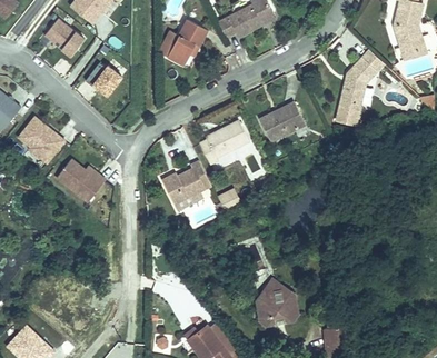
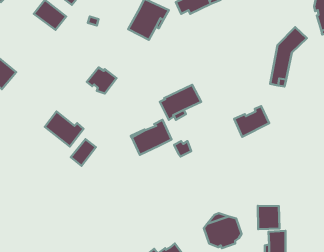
building: [88,64,125,97] -> [87,67,117,93]
building: [260,105,304,142] -> [234,106,269,137]
building: [18,113,64,160] -> none
building: none -> [71,139,96,166]
building: none -> [258,206,280,229]

